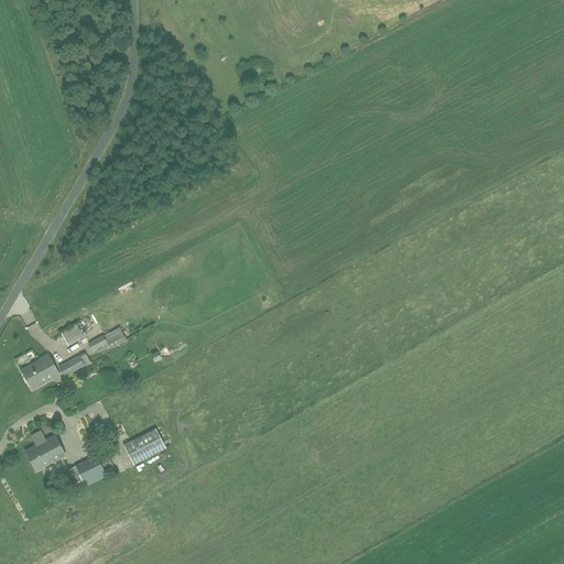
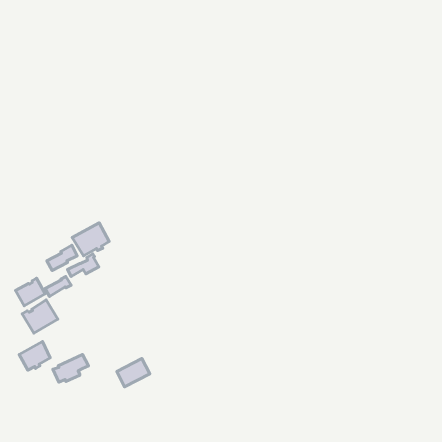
building: none -> [72,223,109,256]
building: none -> [22,300,58,333]
building: [122,427,164,464] -> [117,358,150,387]

